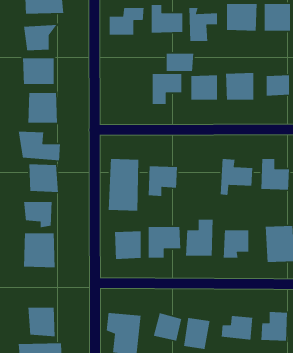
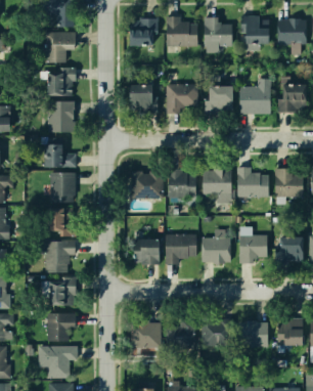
building: [166,53,194,72] -> [126,84,153,102]
building: none -> [203,171,232,204]
building: none -> [42,277,75,308]

